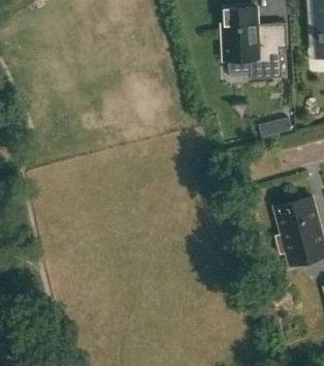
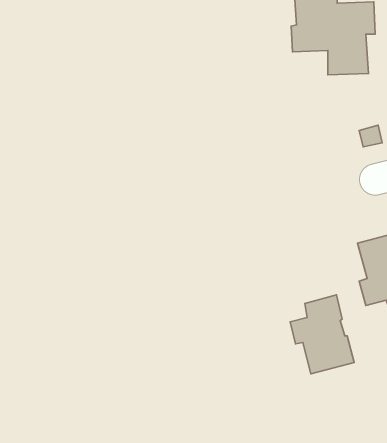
building: none -> [290,295,354,374]

